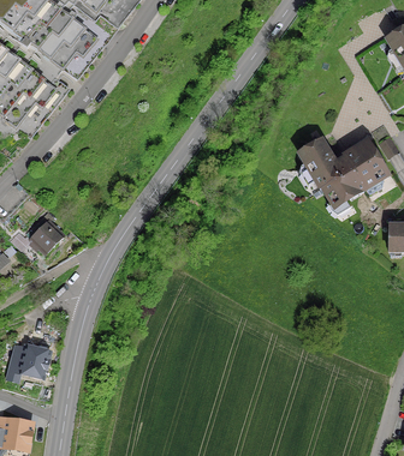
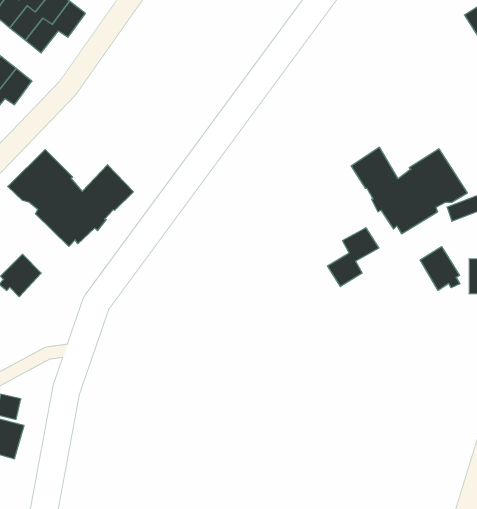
building: none -> [8,150,133,246]
building: none -> [327,228,379,287]
building: none -> [420,247,460,290]

